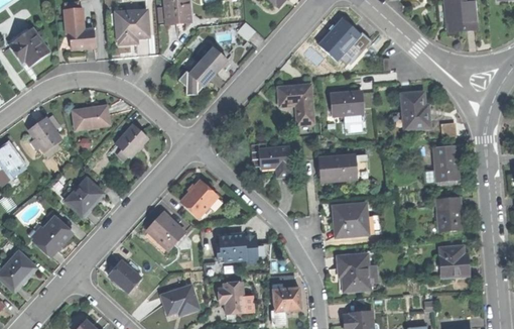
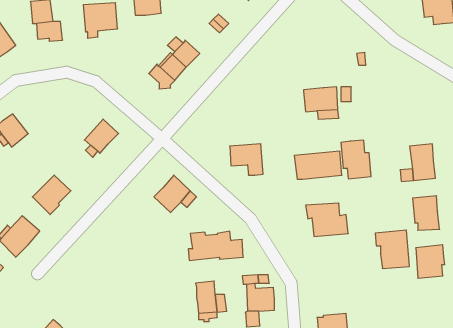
building: [316,18,366,62] -> none
building: [277,86,310,124] -> none
building: [399,92,428,129] -> [341,140,371,179]
building: [73,104,110,127] -> none
building: [148,211,184,247] -> none
building: [335,253,368,291] -> [375,230,409,269]
building: [110,258,142,290] -> none
building: [161,282,200,312] -> none

